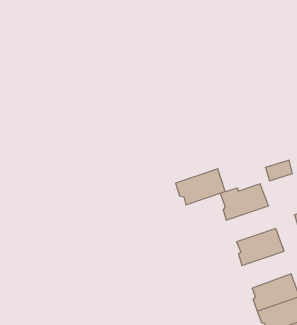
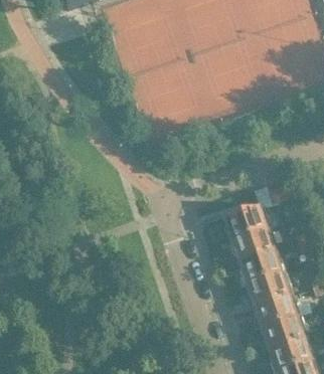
building: [176,169,225,205] -> [228,224,277,259]
building: none -> [244,268,292,305]

